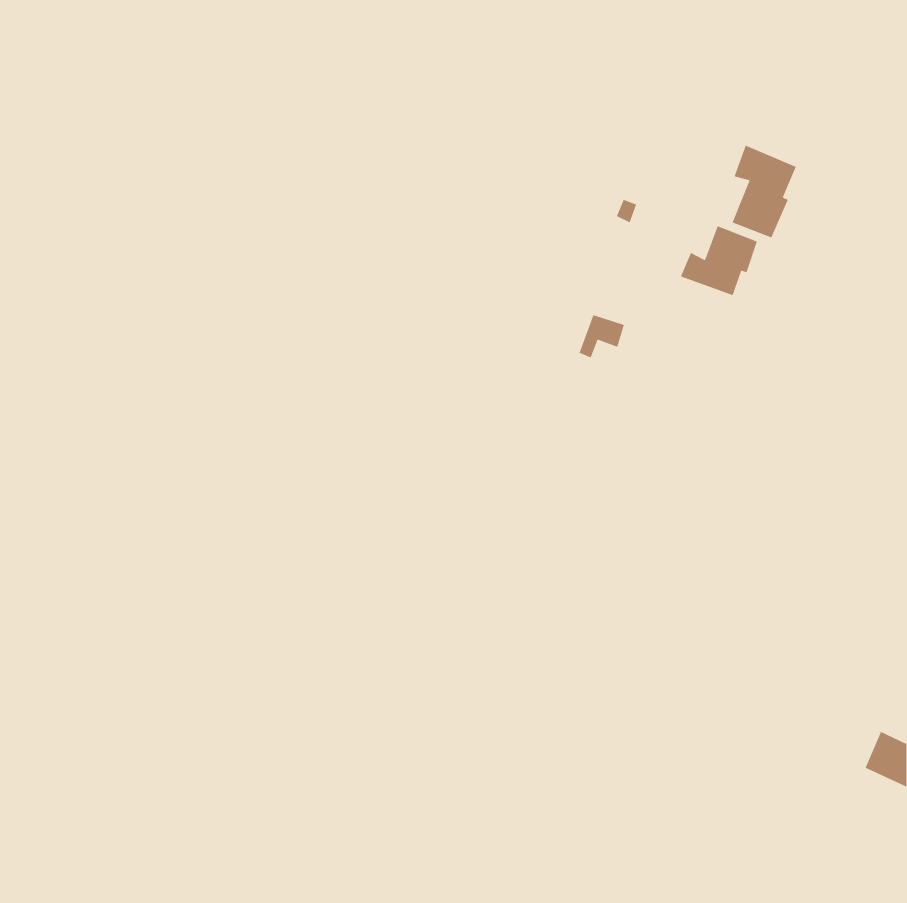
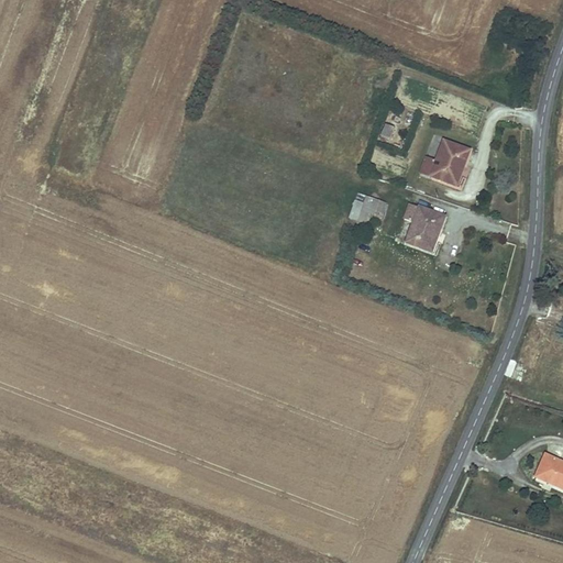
building: [731,145,797,239] -> none
building: none -> [405,202,445,250]

